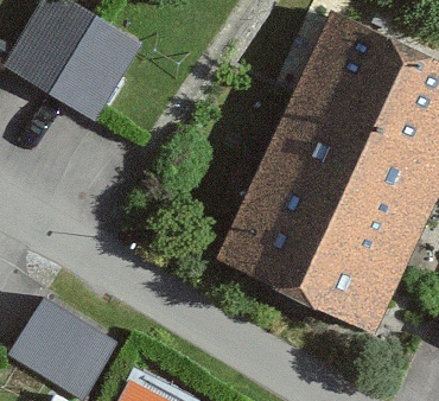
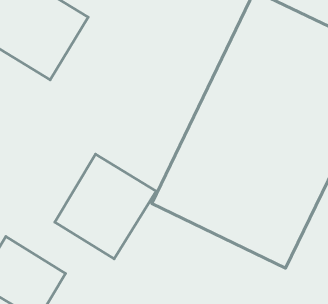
building: none -> [55,154,156,259]

